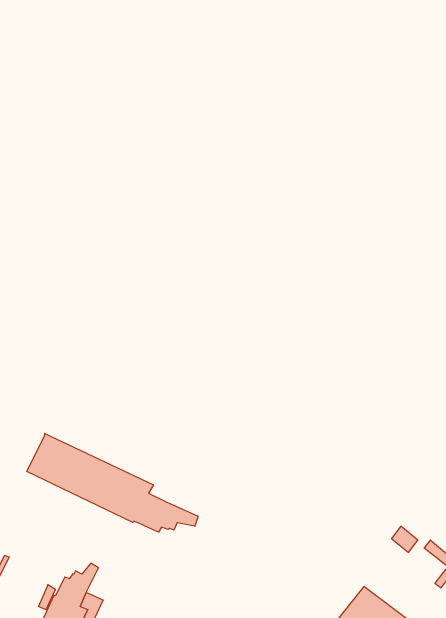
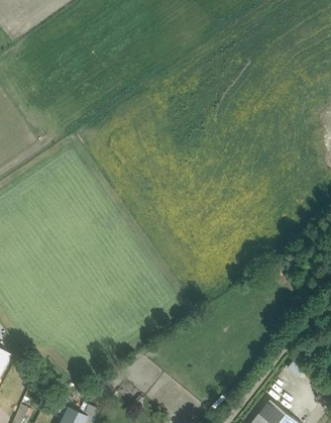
building: [27,433,198,532] -> none

